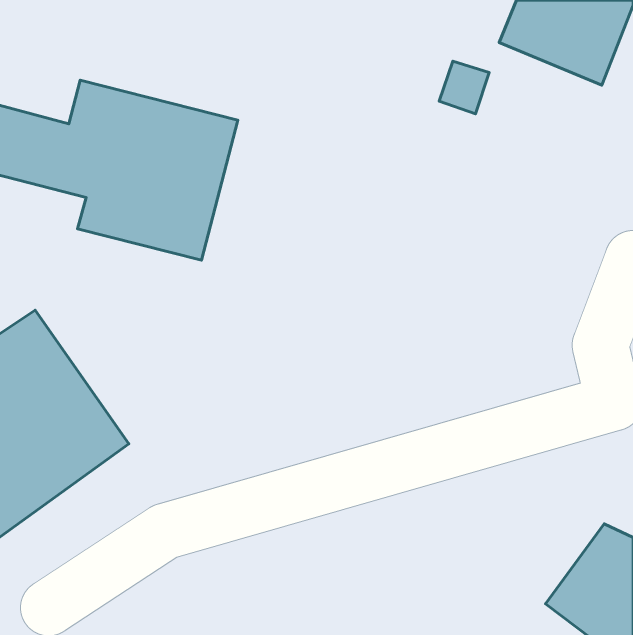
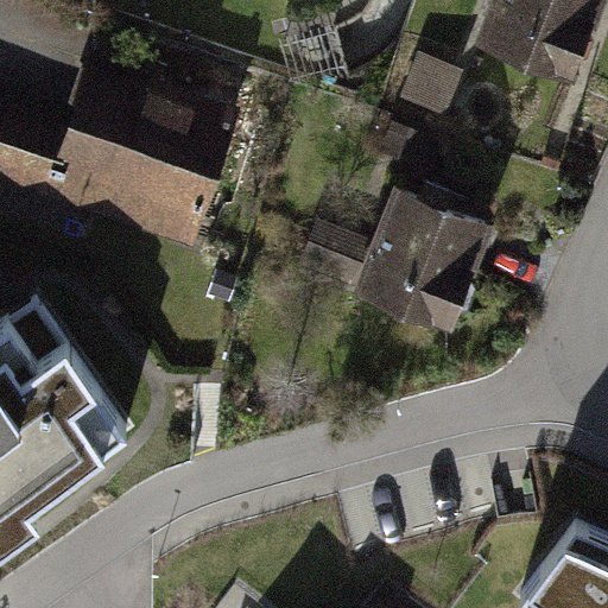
building: none -> [350,192,492,336]

